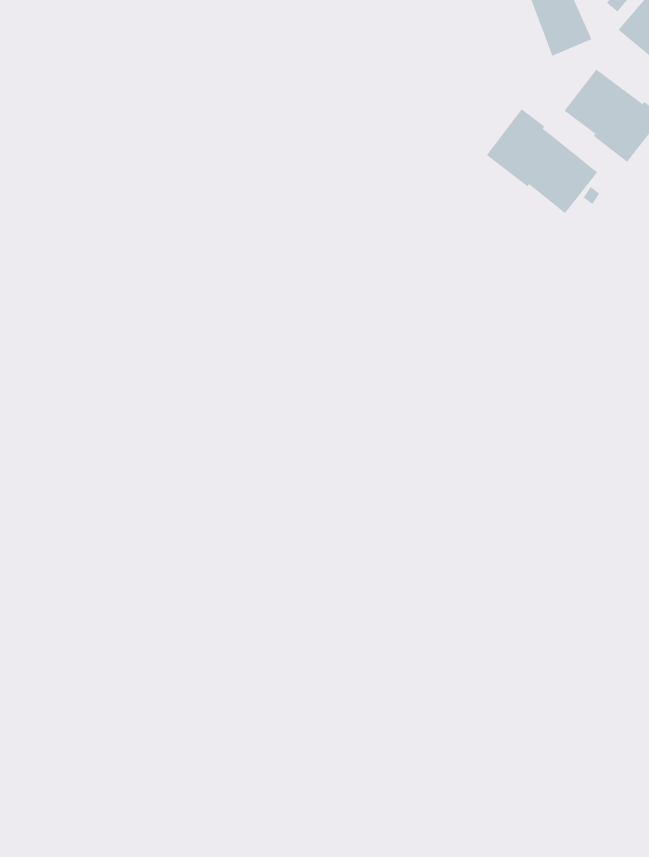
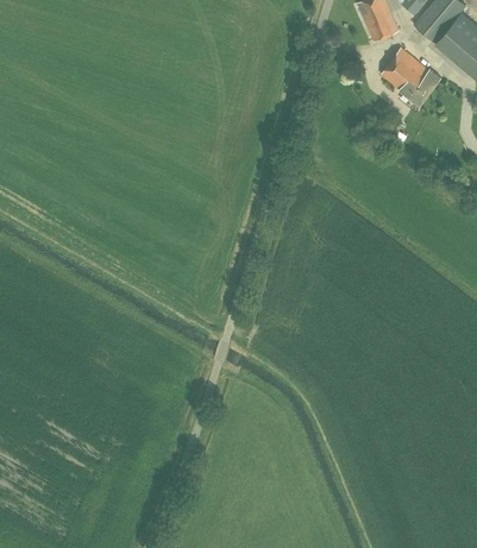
building: [486,108,598,214] -> none

